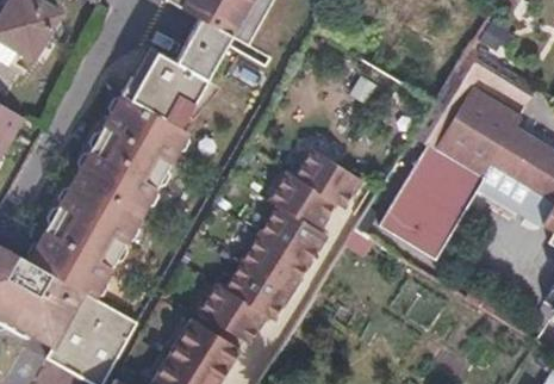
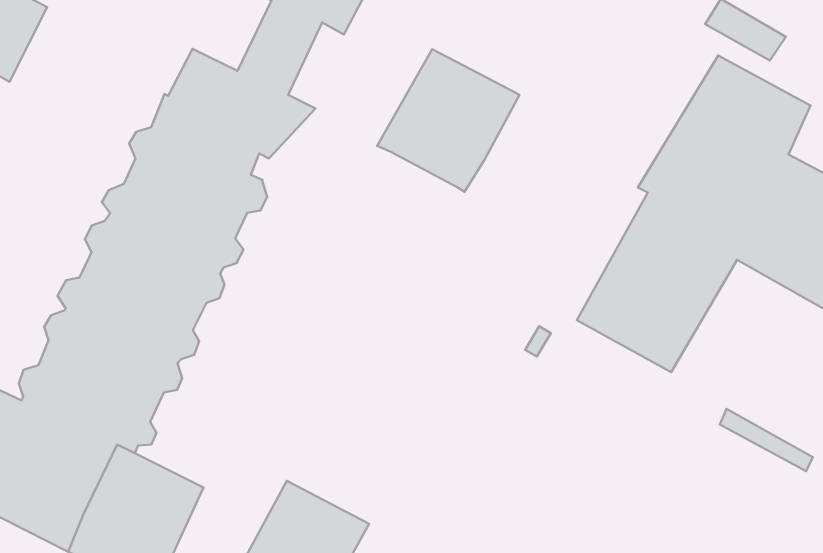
building: none -> [377,49,520,192]
building: [200,148,360,342] -> none

